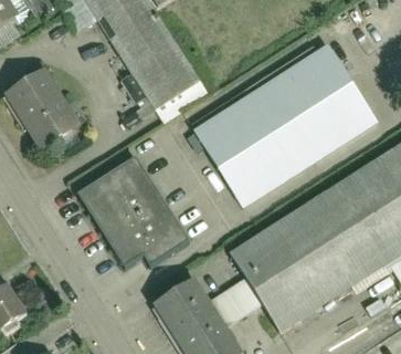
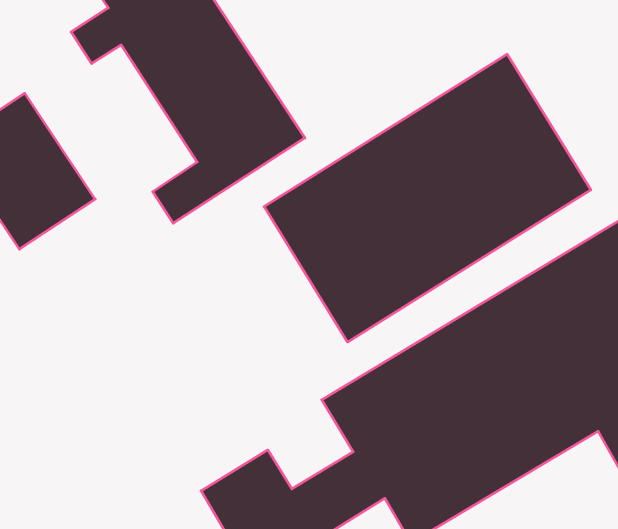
building: [72,147,191,275] -> none

